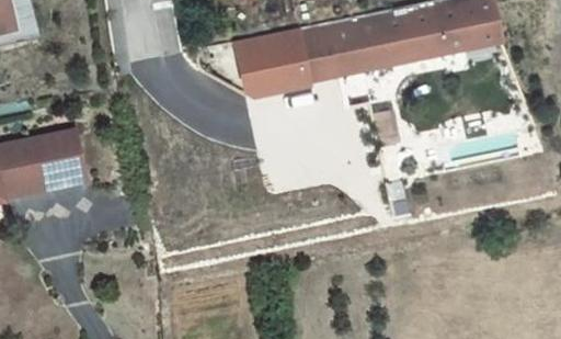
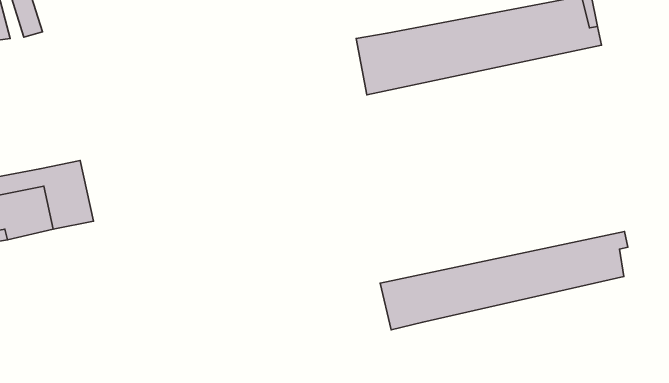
building: [239,24,323,94] -> none
building: none -> [380,231,628,330]

